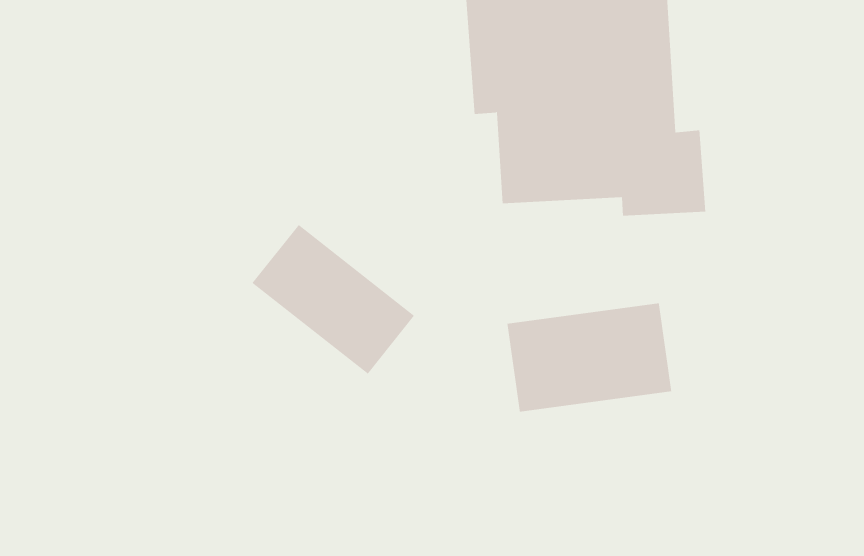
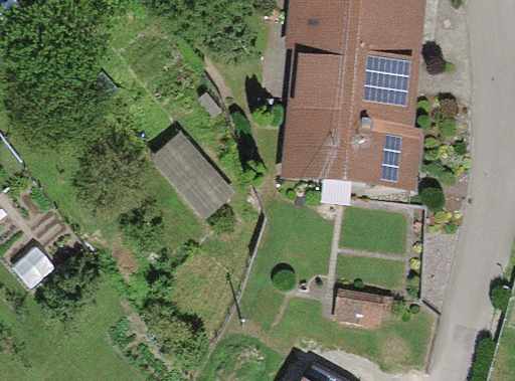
building: [507,302,672,412] -> none

